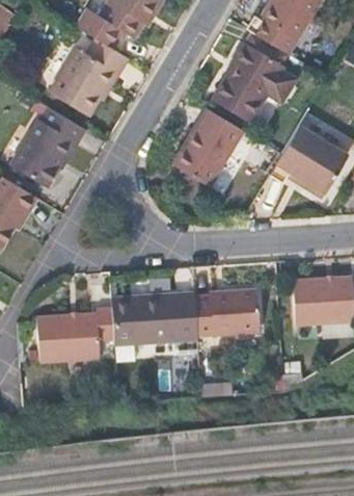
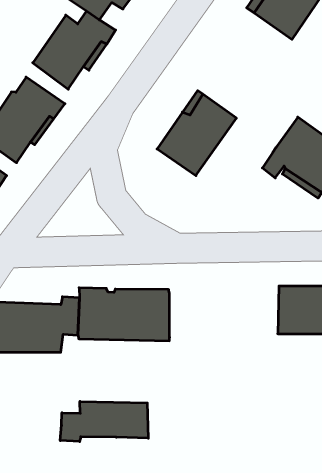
building: [213,41,295,121] -> none
building: [193,287,257,335] -> none
building: none -> [60,401,148,442]

